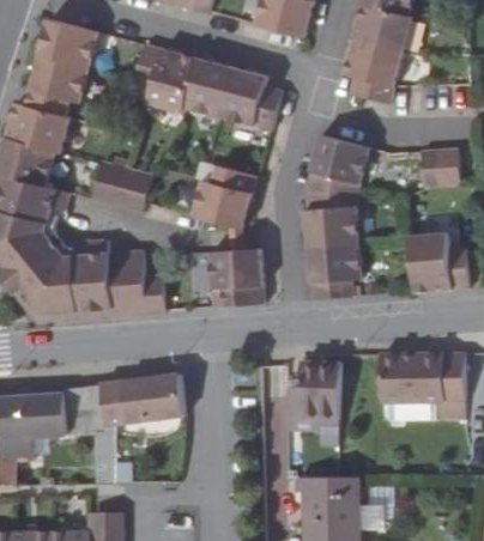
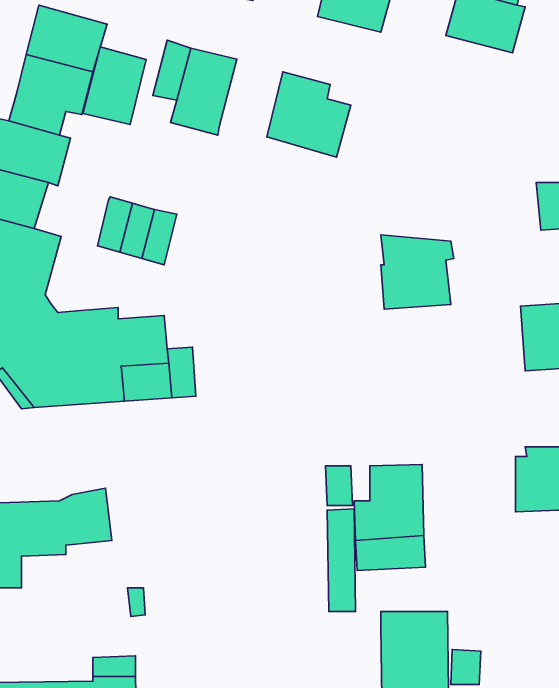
building: [345,39,405,104] -> none
building: [183,57,231,116] -> [83,47,146,125]
building: [305,135,370,195] -> none
building: [194,166,256,230] -> none
building: [308,243,361,300] -> none
building: [210,249,265,309] -> none
building: [374,351,407,400] -> none
building: [97,372,182,421] -> none

